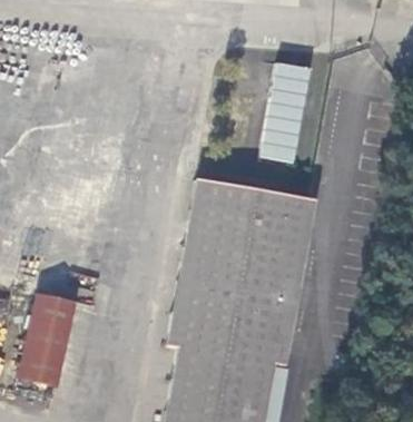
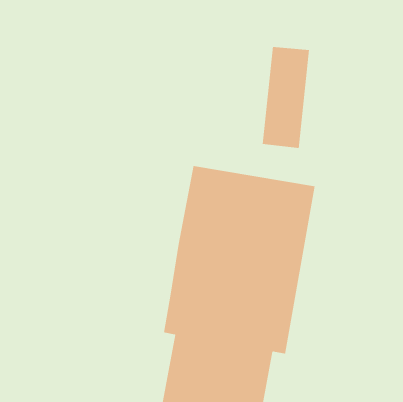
building: [18,292,77,383] -> none

